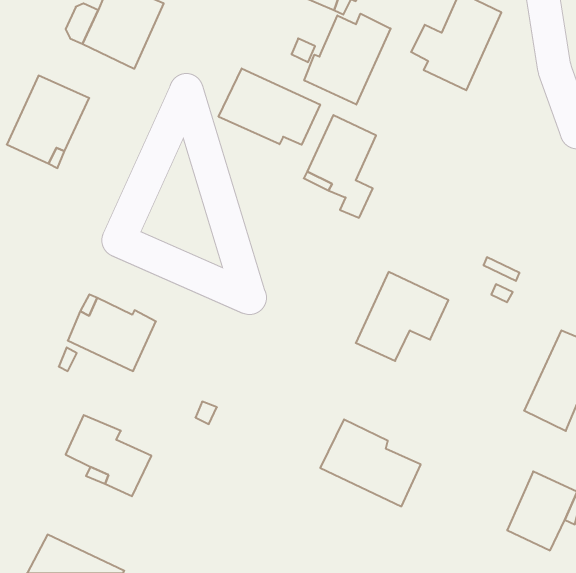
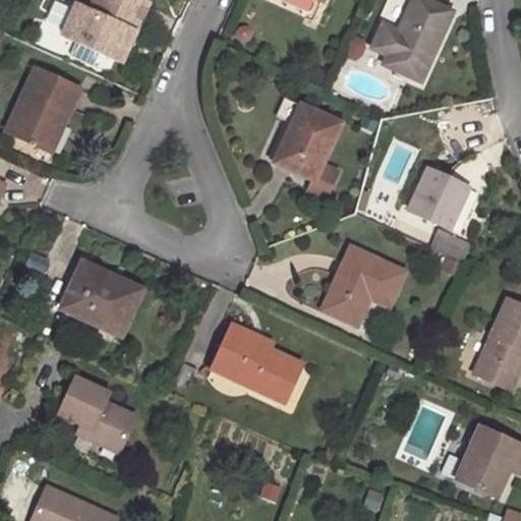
building: [304,14,391,105] -> none
building: [219,68,320,145] -> none
building: none -> [408,168,469,229]
building: [320,419,421,506] -> [212,324,302,402]

